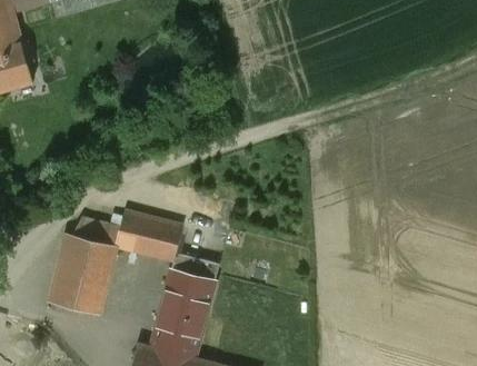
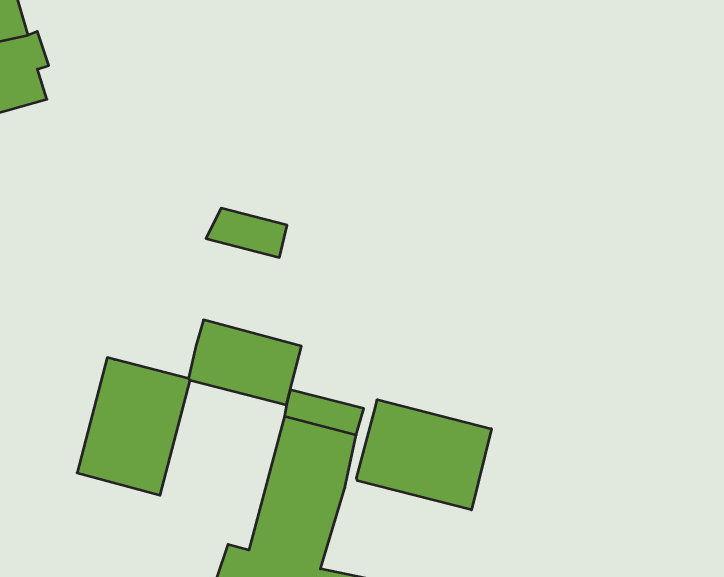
building: [72,218,120,247] -> [206,208,287,257]
building: none -> [357,400,491,510]

